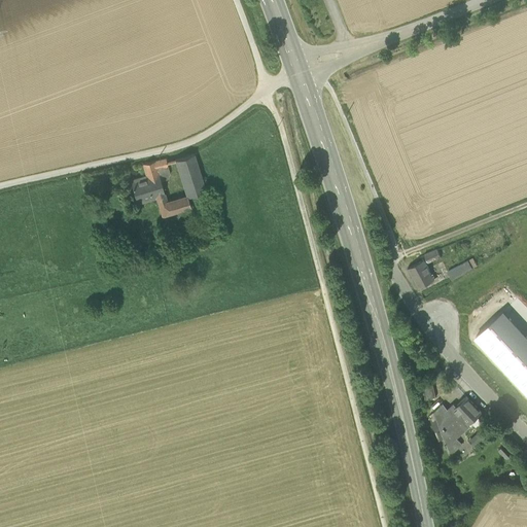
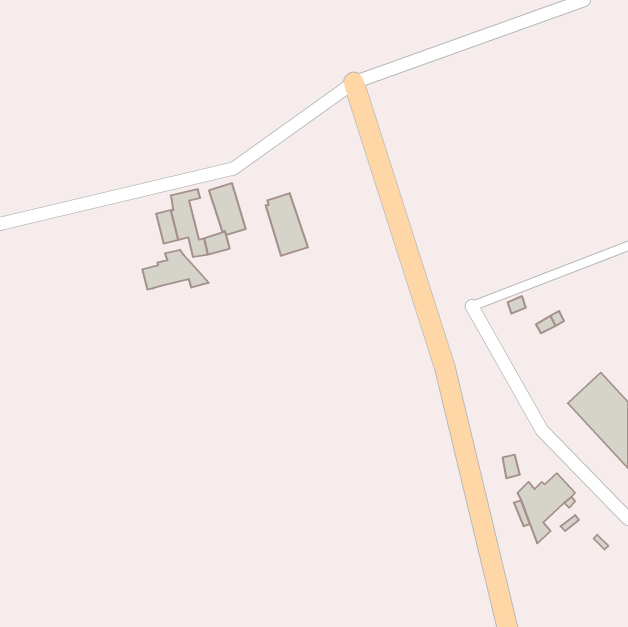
building: none -> [266,193,308,256]
building: none -> [143,250,209,290]
building: [408,260,434,289] -> none

